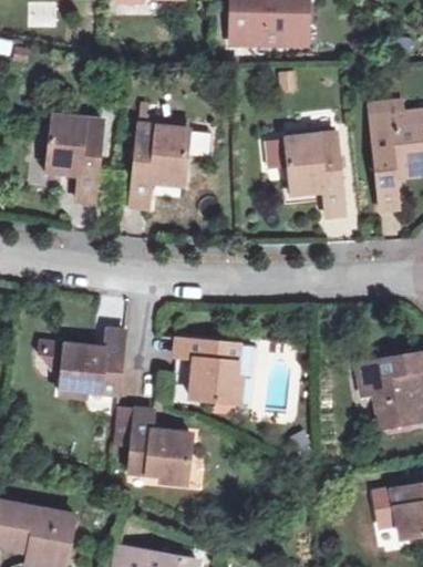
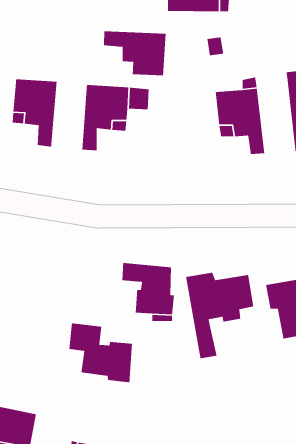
building: none -> [103,31,166,76]
building: [41,333,126,402] -> none
building: none -> [185,272,254,359]

